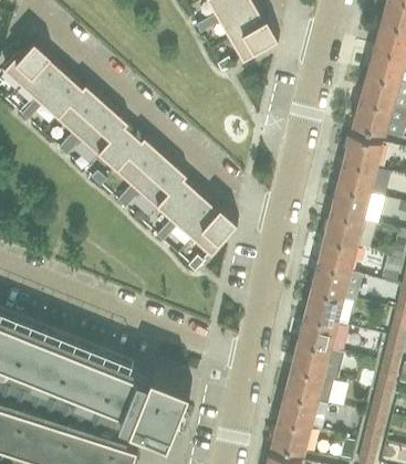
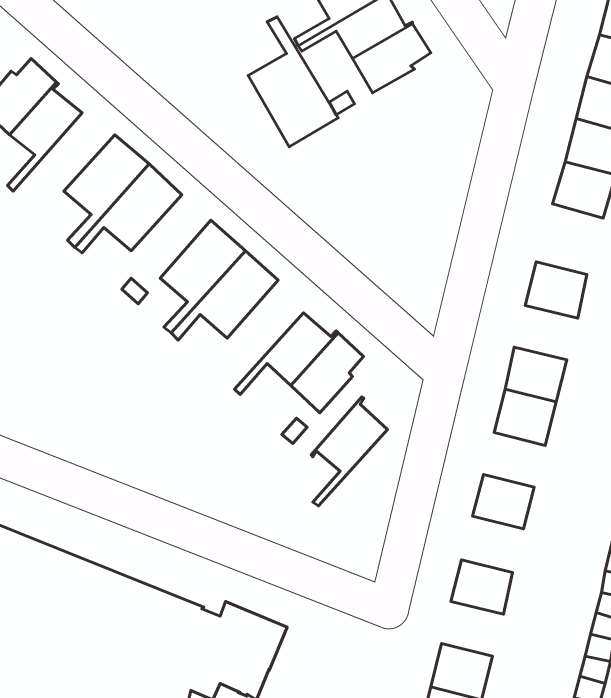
building: none -> [248,17,338,147]
building: [24,75,86,125] -> none
building: [96,125,145,176] -> none
building: [343,139,381,173] -> none
building: [155,177,201,243] -> [311,397,387,506]
building: [330,192,368,225] -> none
building: [311,270,348,303] -> none
building: [298,320,335,355] -> none
building: [285,372,334,409] -> none

